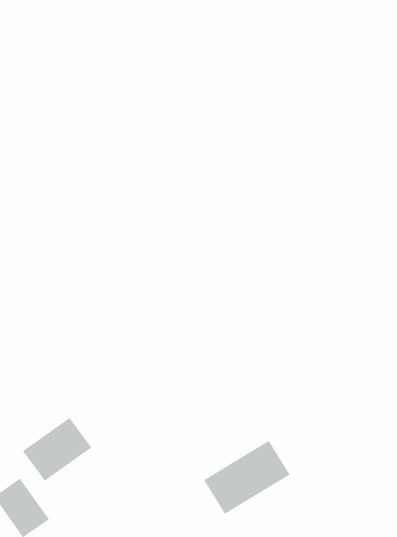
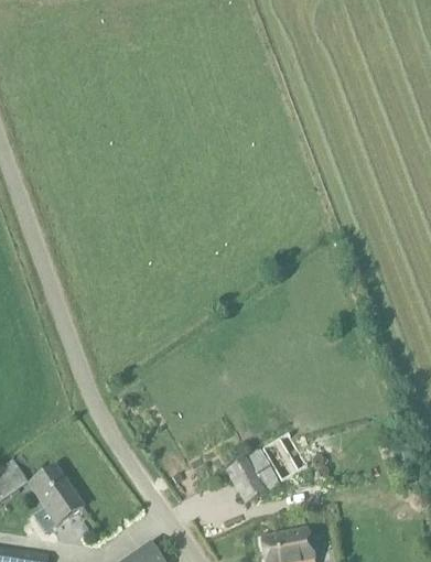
building: [22,417,92,482] -> none

